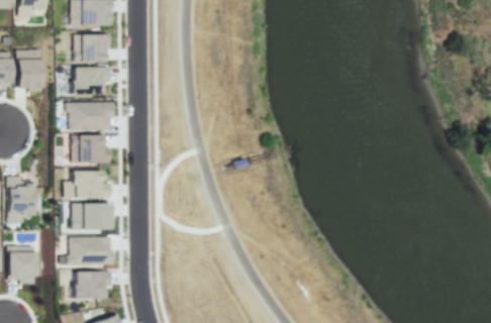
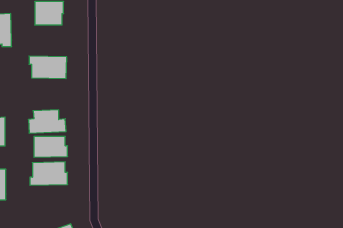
building: [69,68,110,95] -> none
building: [71,135,111,164] -> none
building: [73,272,112,299] -> none

